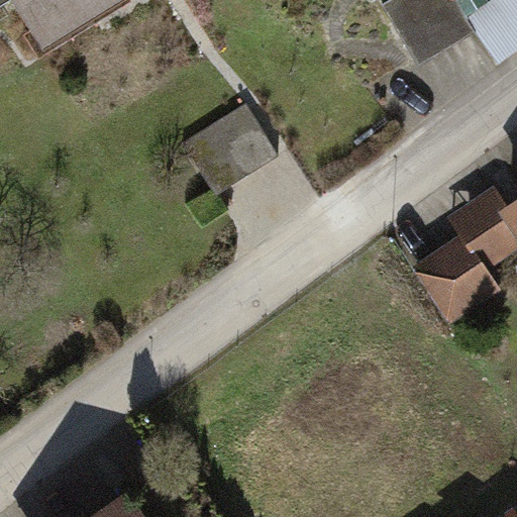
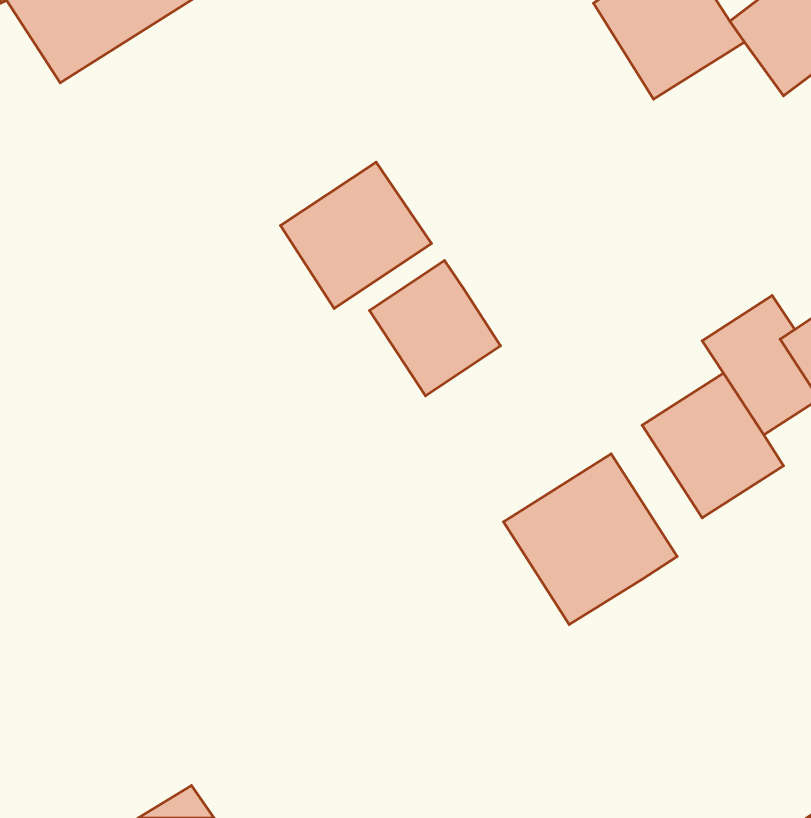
building: none -> [370,261,501,396]
building: none -> [503,454,677,625]

